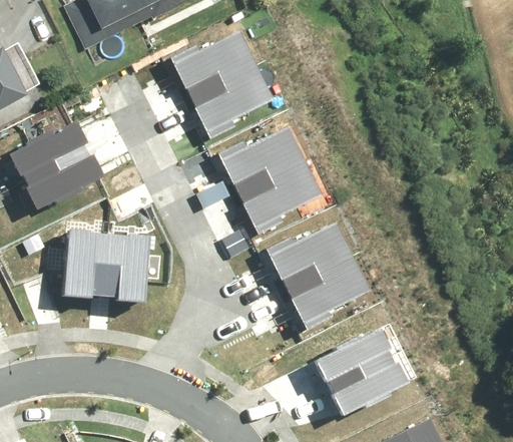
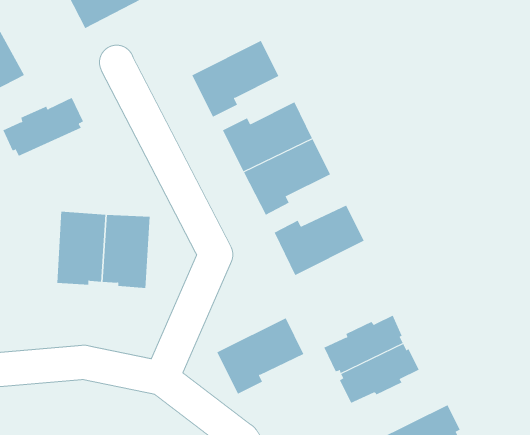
building: [169,32,255,99] -> none
building: [25,149,101,204] -> none
building: [288,257,371,330] -> [216,317,304,394]

